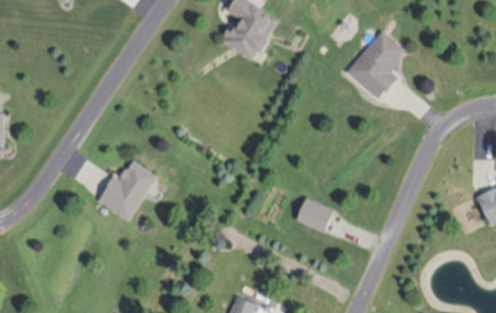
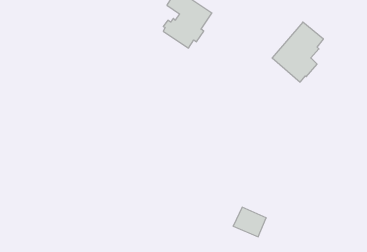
building: [99,161,157,220] -> none
building: [296,197,334,231] -> [233,207,266,237]

